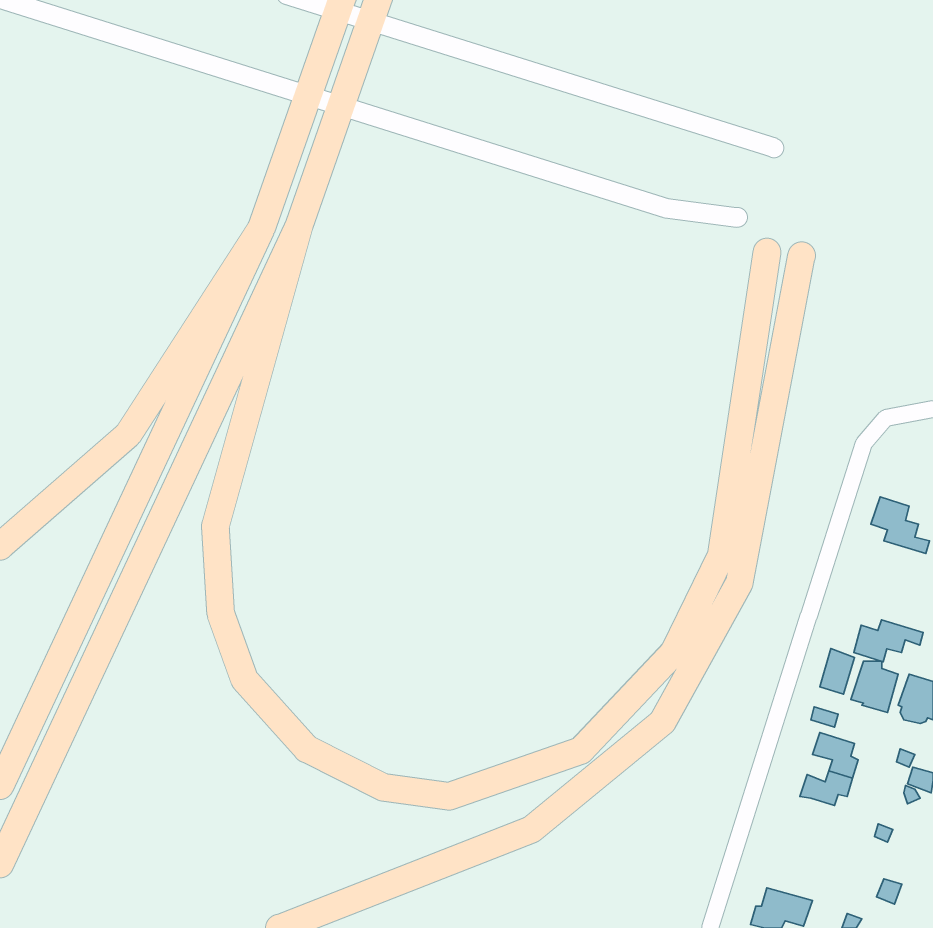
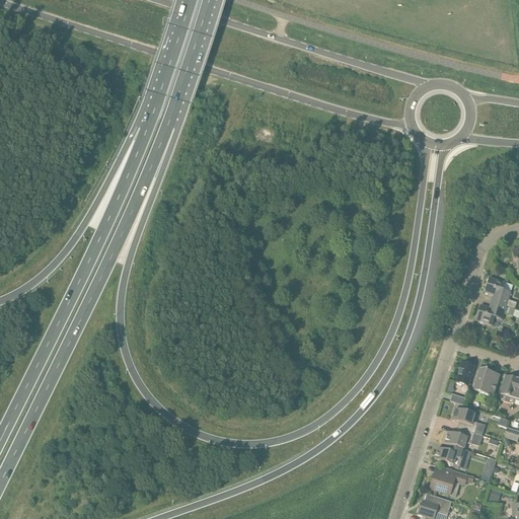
building: [854,620,923,662] -> [475,300,514,323]
building: none -> [434,443,463,465]
building: none -> [430,465,473,494]

